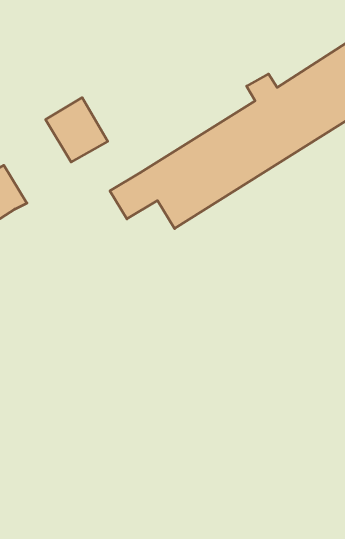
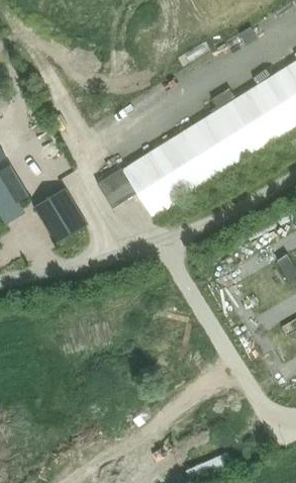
building: [46,98,108,162] -> [34,188,86,242]

